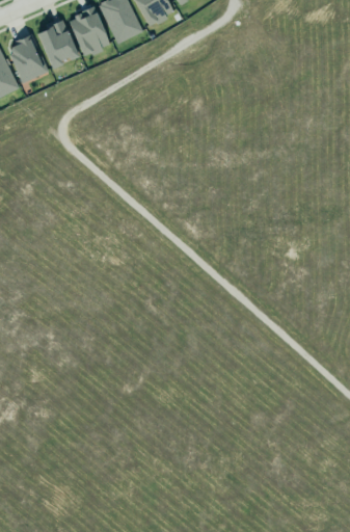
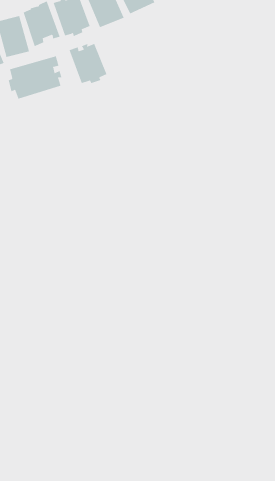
building: none -> [69,43,107,84]
building: none -> [8,56,62,100]

